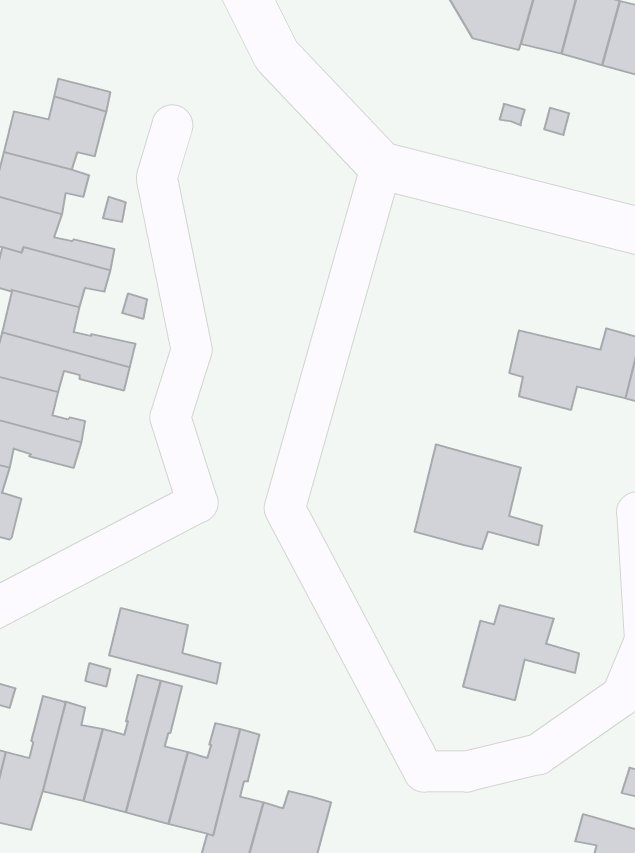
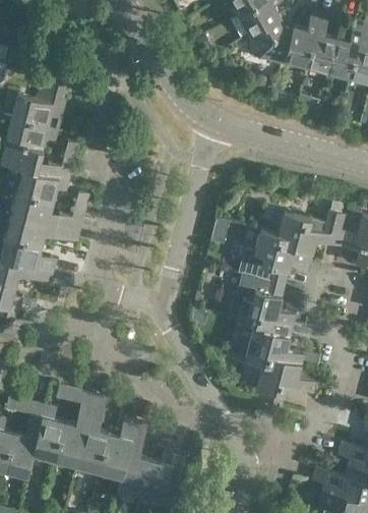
building: none -> [238,229,310,284]
building: none -> [245,318,303,366]
building: [109,608,221,684] -> none

